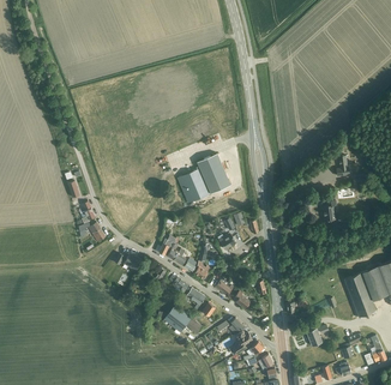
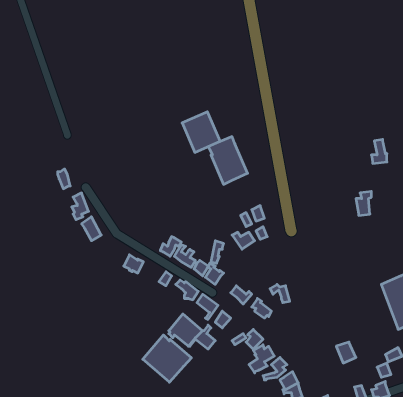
building: [176,169,209,204] -> [182,112,220,152]
building: none -> [143,335,191,382]

